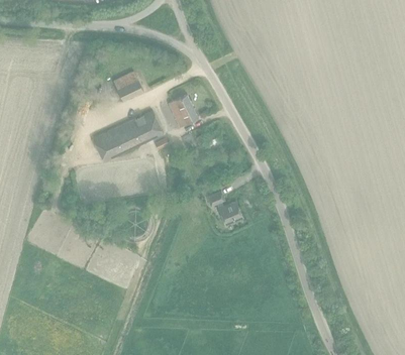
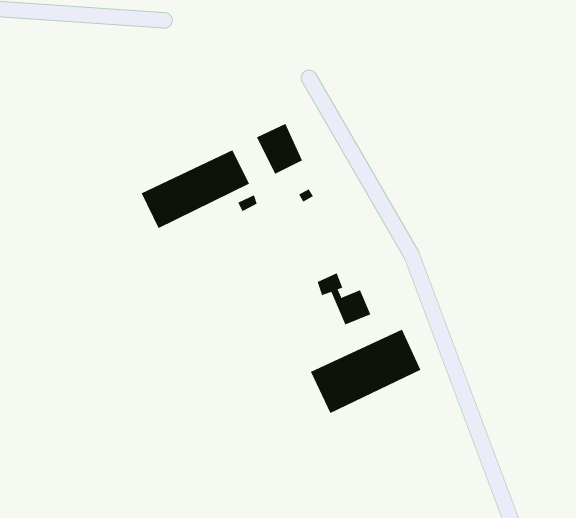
building: [114,72,142,101] -> none
building: none -> [310,329,421,414]

